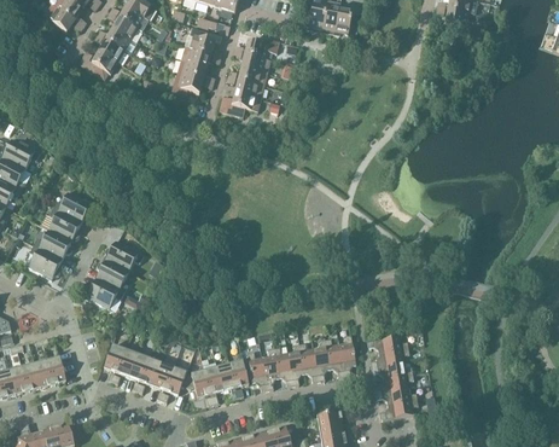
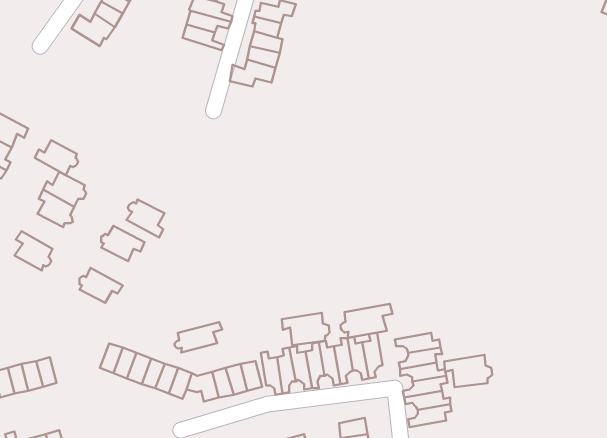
building: [171,71,212,95] -> none
building: [34,228,72,260] -> [35,140,78,175]
building: [95,259,129,292] -> [127,200,164,237]
building: none -> [340,304,392,338]
building: none -> [282,313,330,345]
building: none -> [174,322,222,352]
building: none -> [444,355,492,387]

